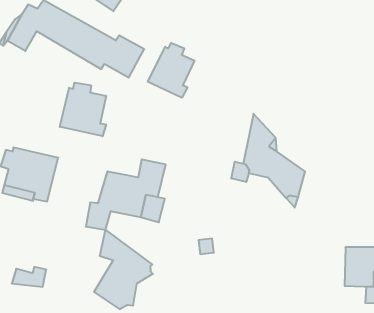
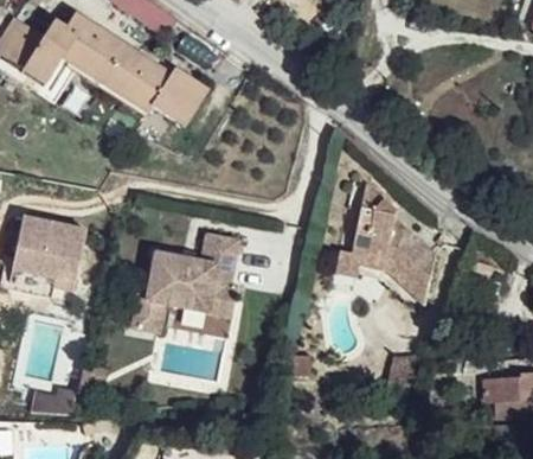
building: [148,43,194,98] -> none
building: [60,83,106,136] -> none
building: [94,230,153,309] -> none

